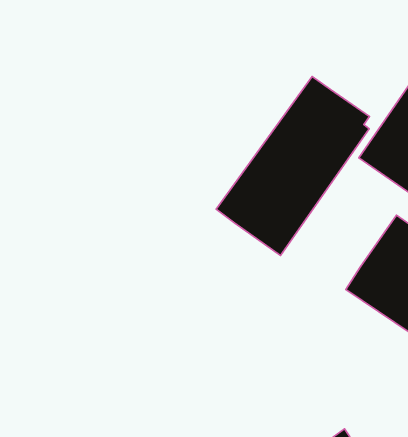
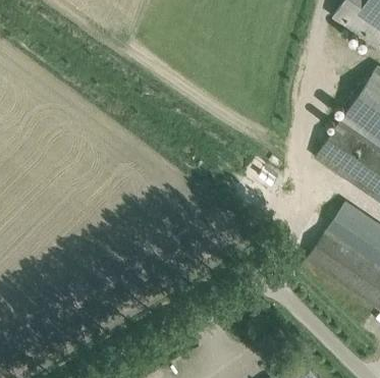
building: [216,76,370,255] -> none

